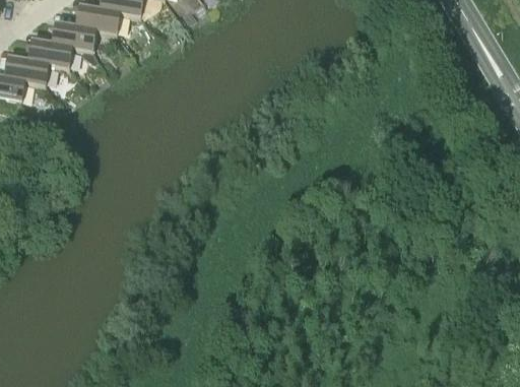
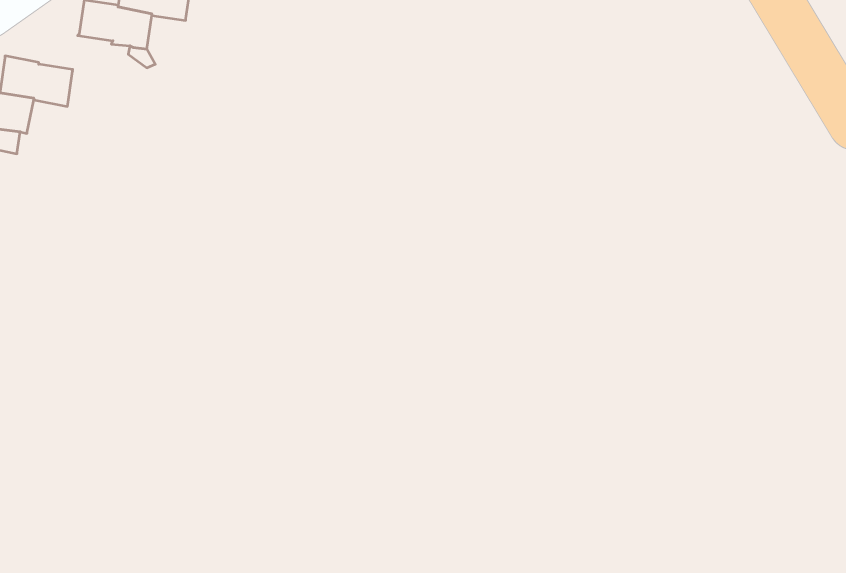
building: [27,39,72,68] -> none

